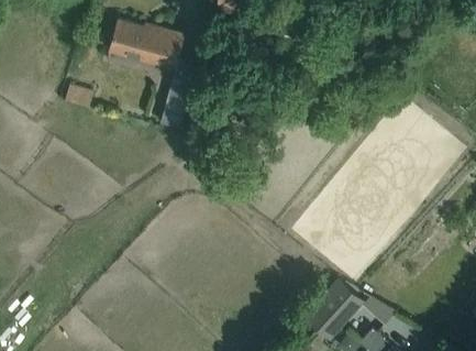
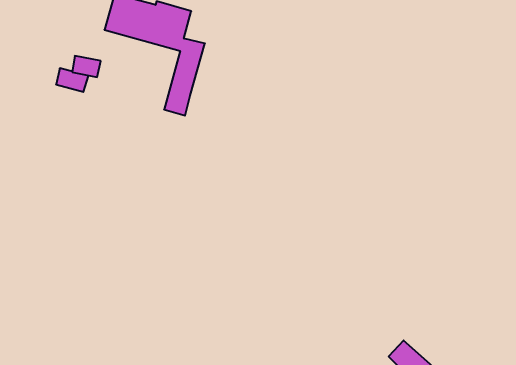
building: [305,279,364,339] -> none

